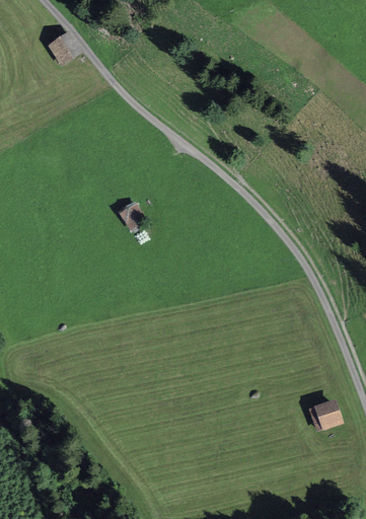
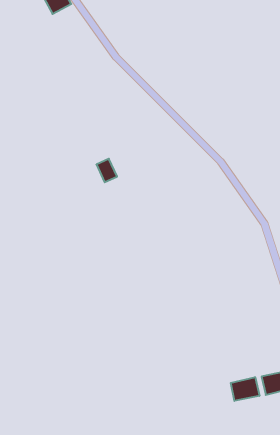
building: none -> [231,377,259,401]

